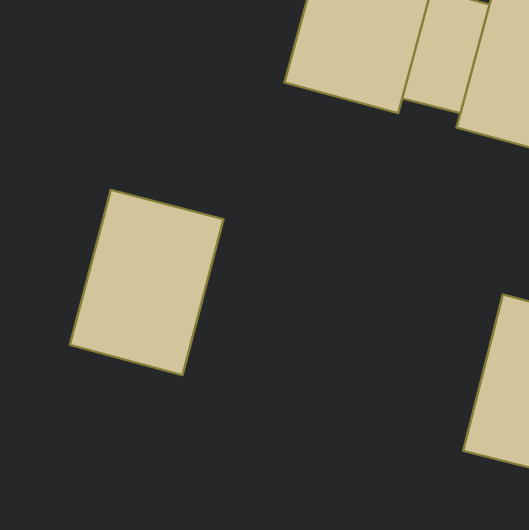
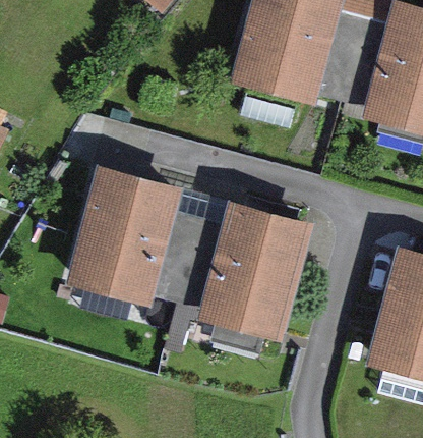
building: none -> [196,202,313,343]

